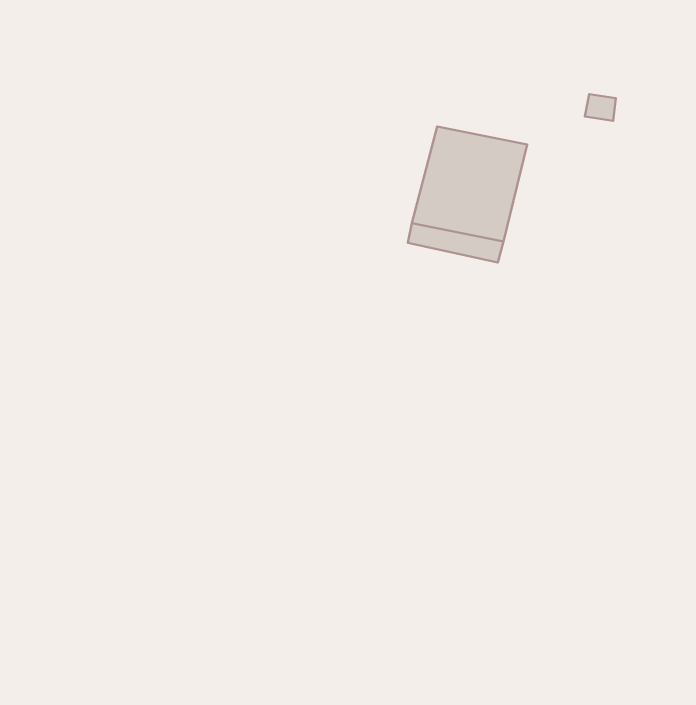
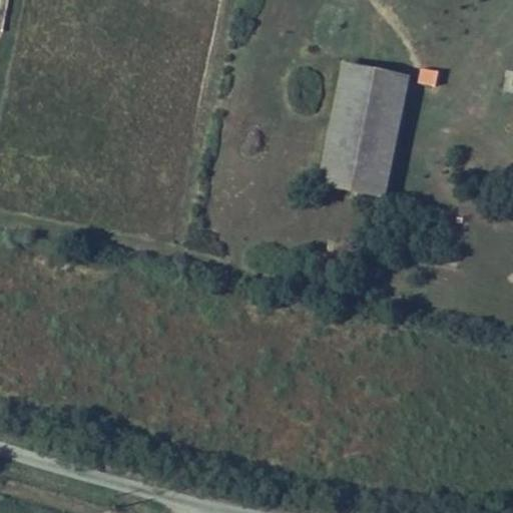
building: none -> [328,60,401,112]

